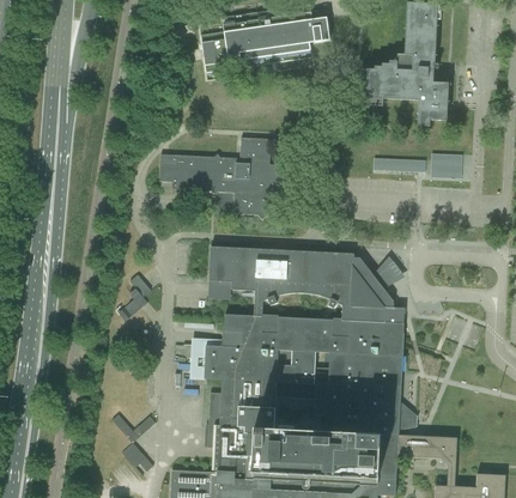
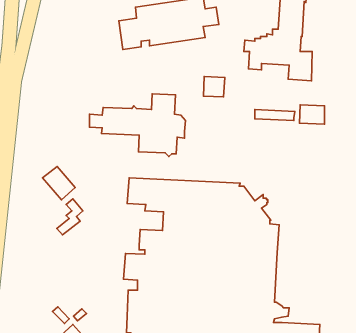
building: none -> [203,77,225,97]
building: none -> [43,167,75,200]

